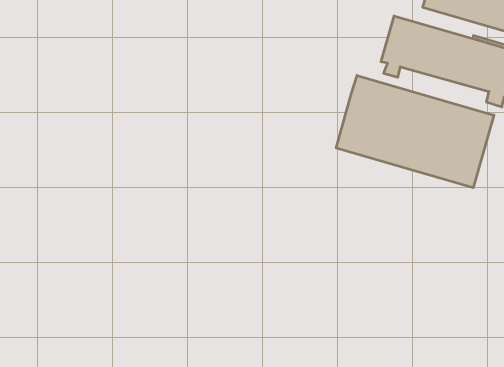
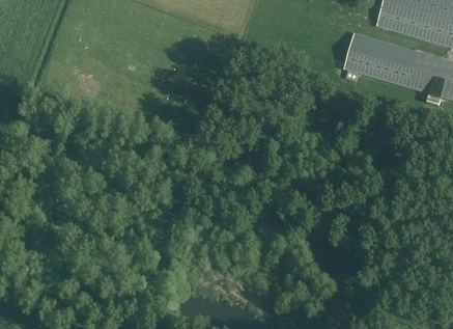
building: [336,75,494,188] -> none

